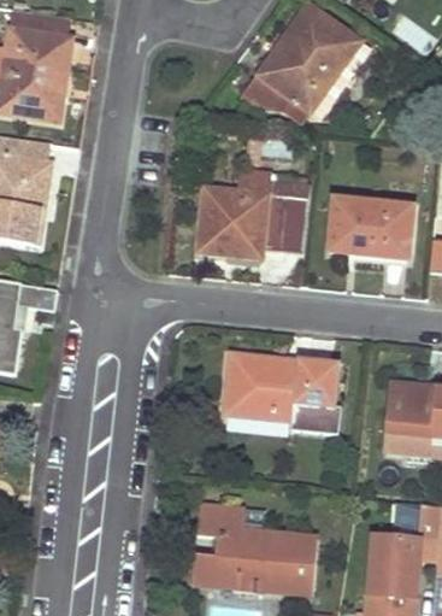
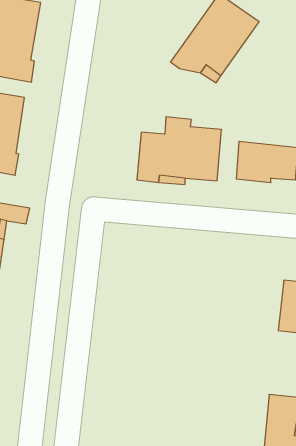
building: [223,352,338,434] -> none
building: [191,504,317,594] -> none

